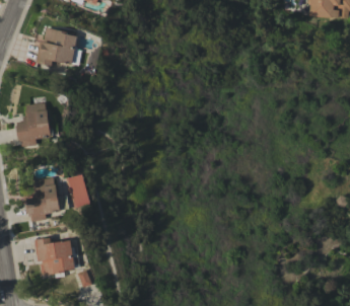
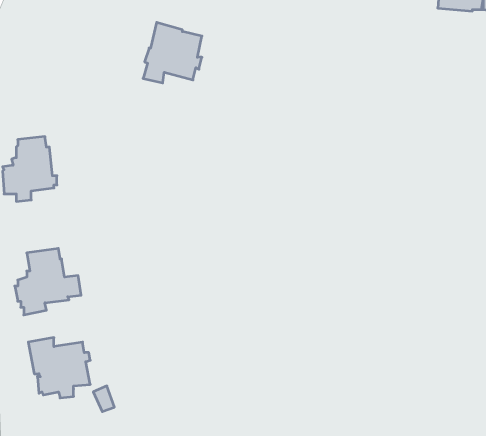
building: [38,26,77,67] -> [143,22,202,83]
building: [67,174,87,207] -> none

